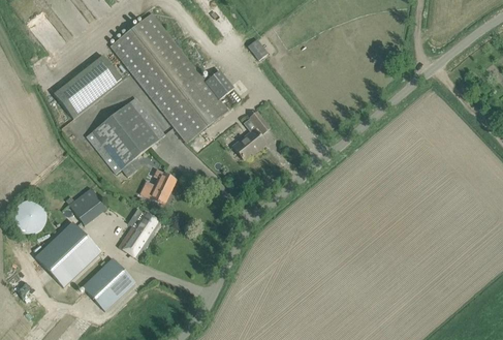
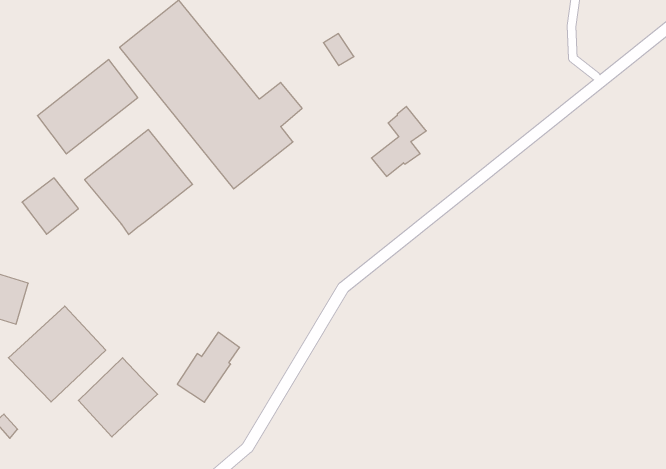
building: [232,111,270,158] -> [371,106,426,176]
building: [139,169,176,205] -> none
building: [68,187,106,225] -> [22,178,78,234]
building: [118,211,160,258] -> [177,332,240,402]

